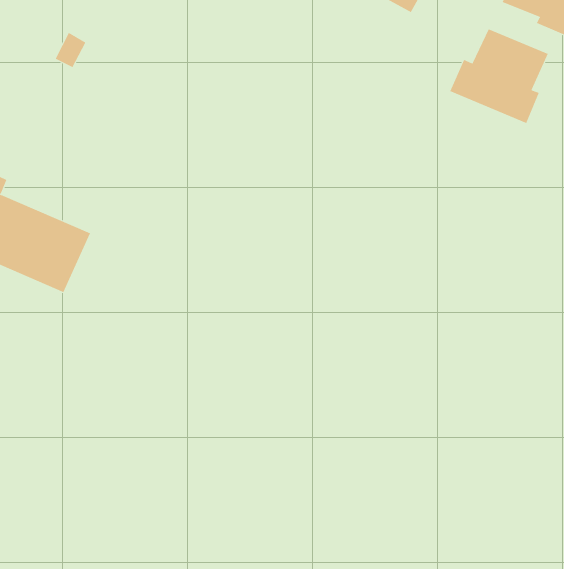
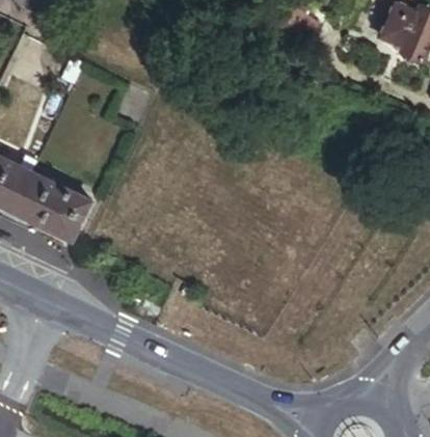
building: [450,28,549,124] -> none

